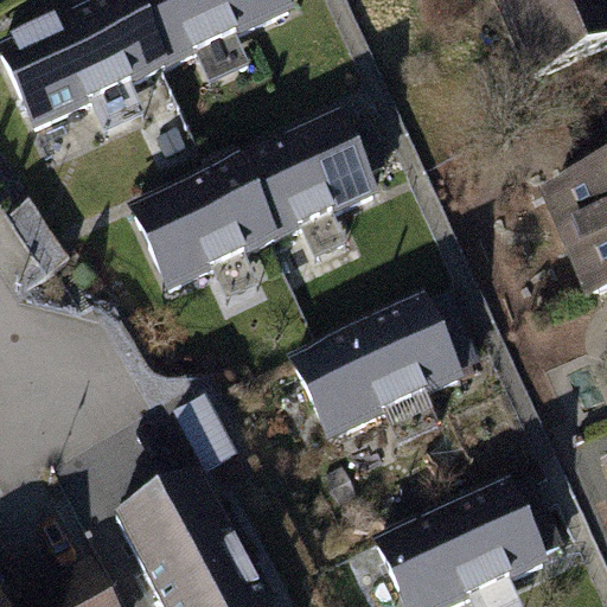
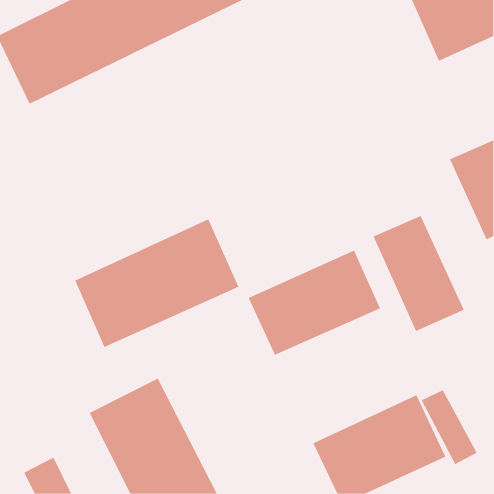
building: [130,111,373,292] -> none
building: none -> [373,215,464,332]
building: none -> [74,219,239,348]

